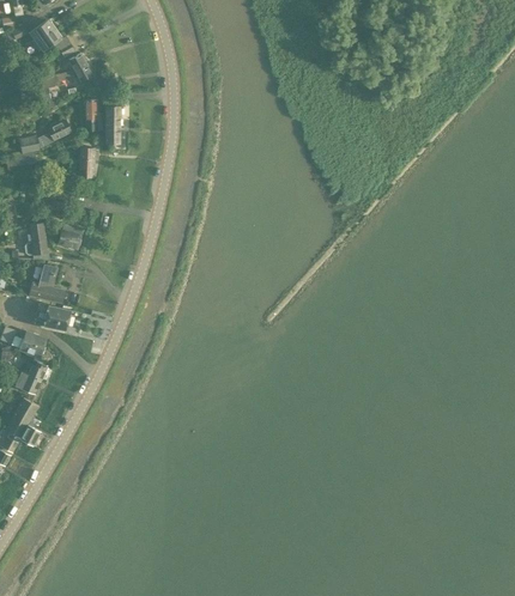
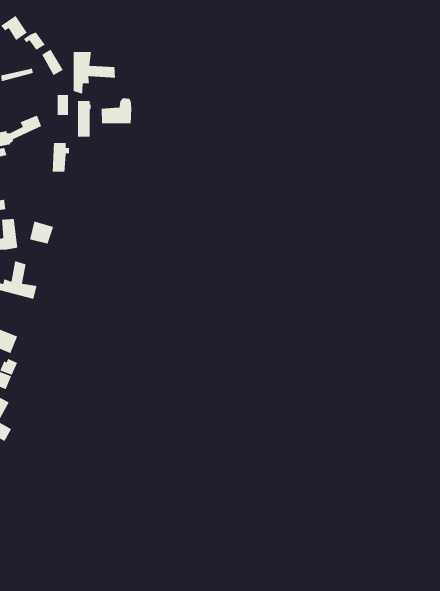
building: none -> [73,51,116,95]
building: none -> [101,98,132,124]
building: [32,303,69,330] -> none

